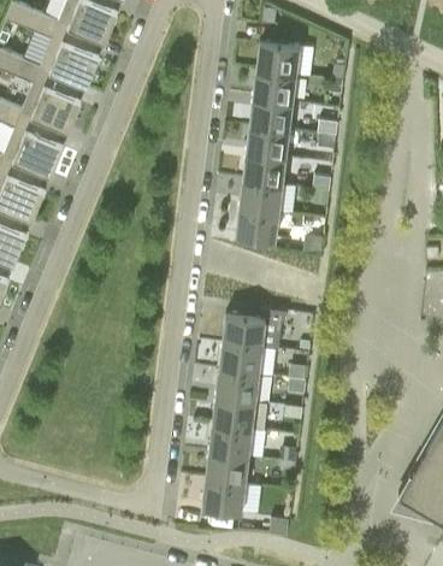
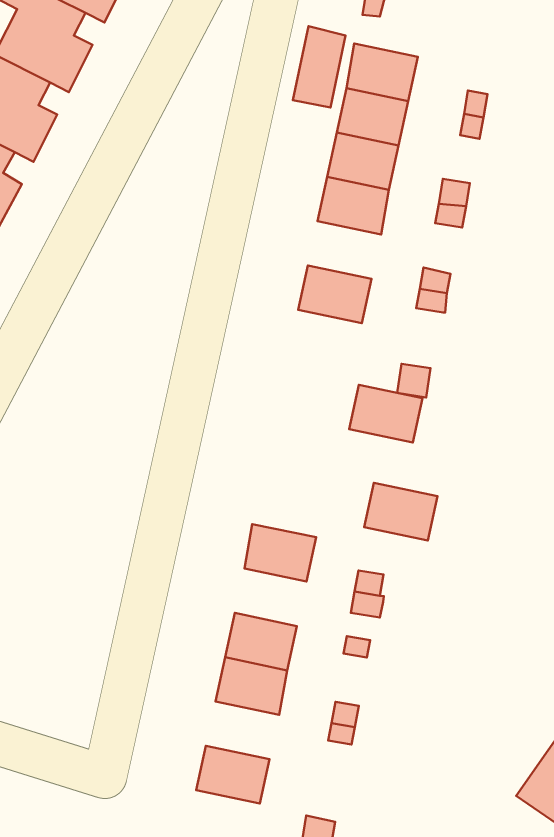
building: none -> [293,26,345,108]
building: [243,154,287,187] -> none
building: [236,210,279,242] -> [349,385,422,443]
building: [223,316,266,348] -> [364,483,437,540]
building: [217,371,259,403] -> none
building: [206,454,249,487] -> none

